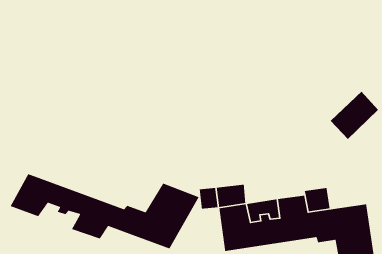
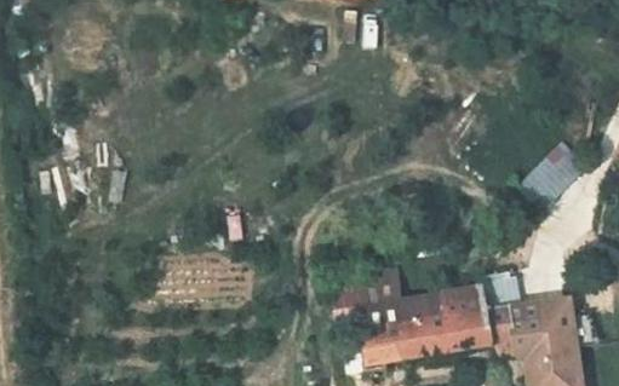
building: [10,173,200,249] -> none

